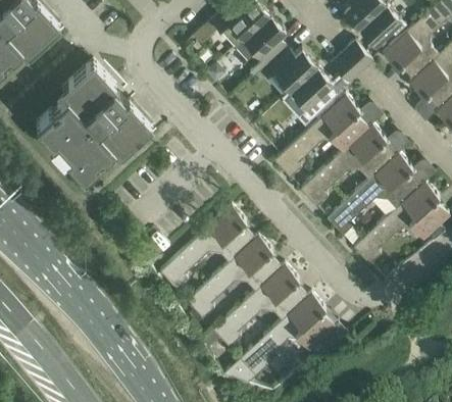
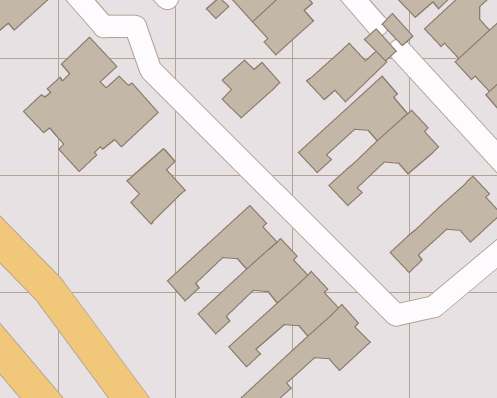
building: [268,48,318,98] -> [222,60,280,118]
building: [328,154,422,237] -> none
building: none -> [127,149,185,224]

